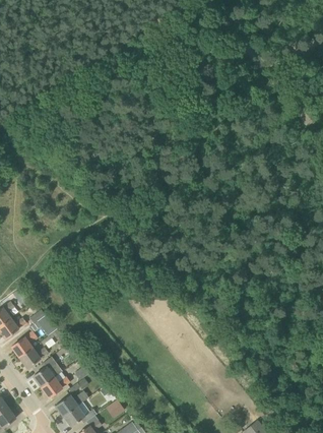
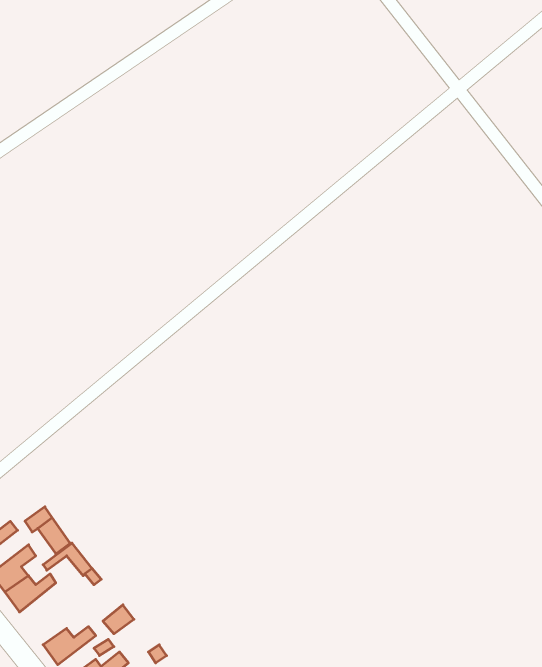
building: [34,357,62,386] -> none

